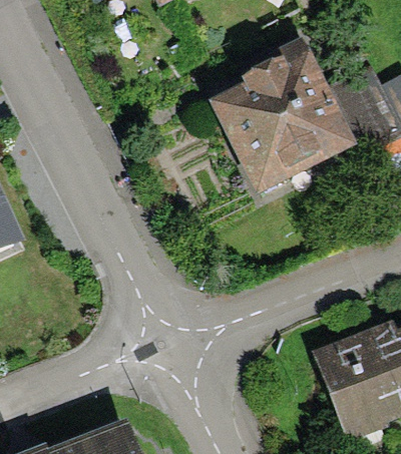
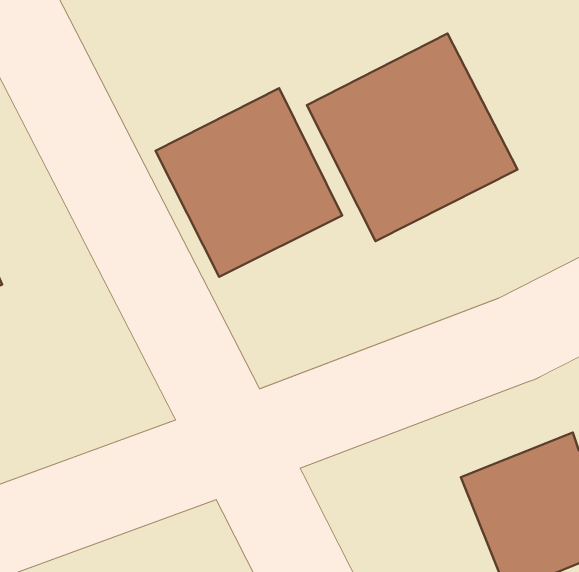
building: none -> [156,88,342,277]

